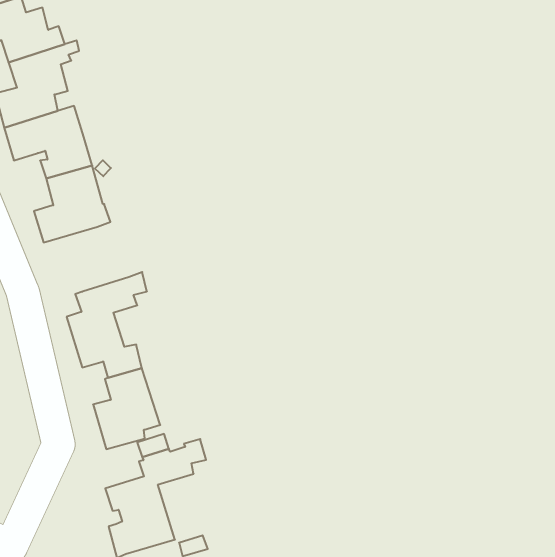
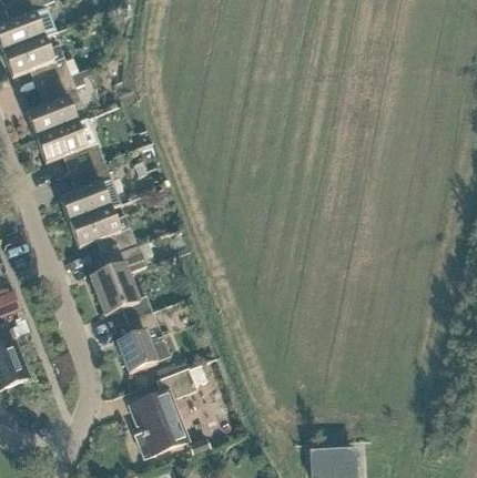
building: none -> [71,206,160,256]

